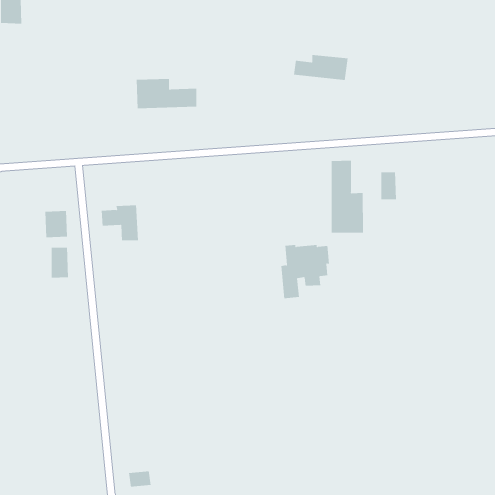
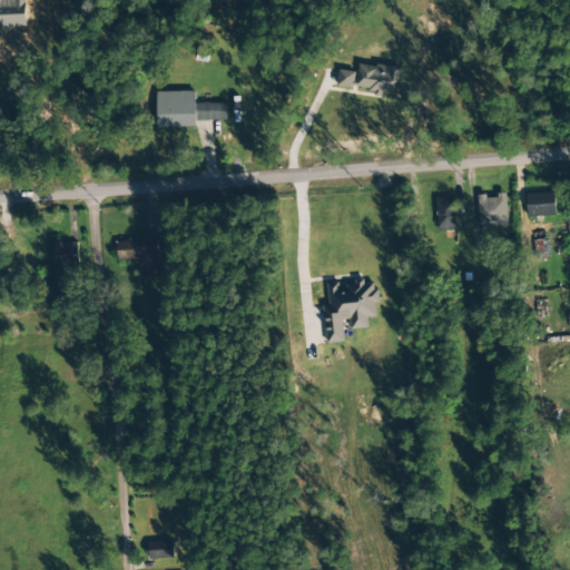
building: [331,160,363,234] -> none
building: none -> [524,190,557,217]
building: none -> [479,195,508,226]
building: [51,247,69,278] -> none

